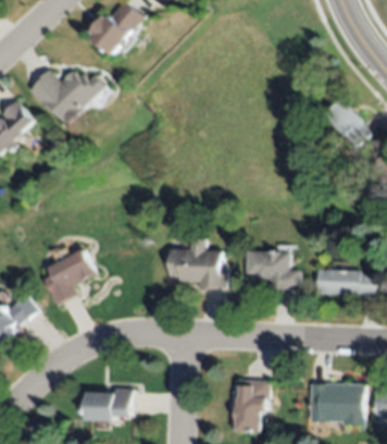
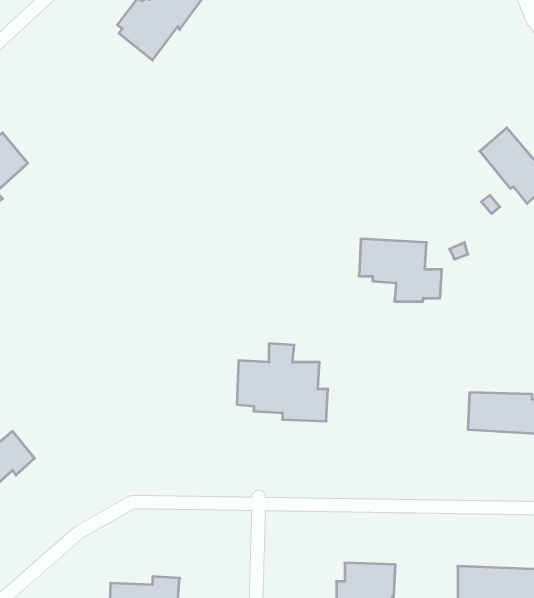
building: [30,71,107,123] -> none
building: [42,248,96,306] -> none
building: [246,250,299,291] -> [359,239,442,301]

